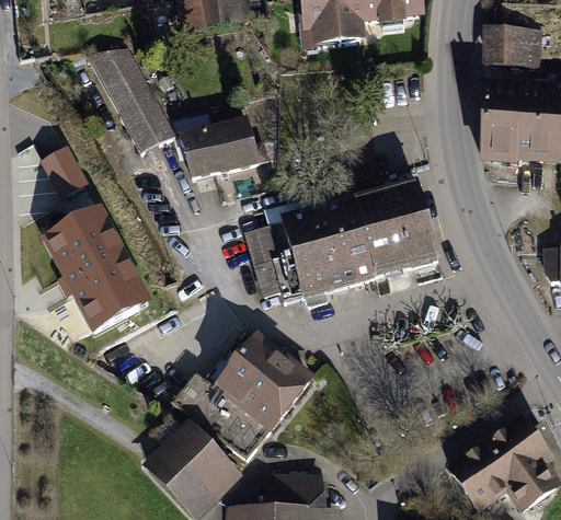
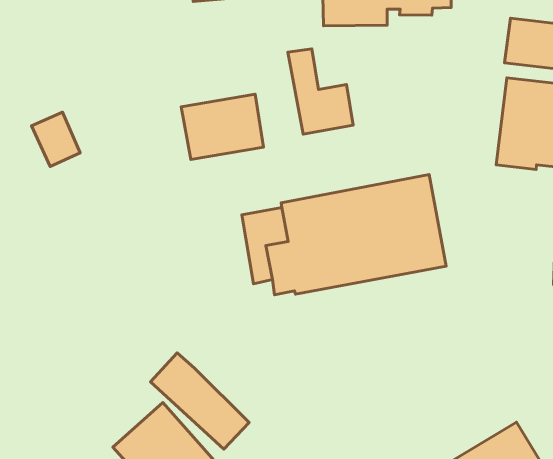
building: [89,44,178,151] -> none
building: none -> [288,49,353,134]
building: [43,209,153,337] -> none
building: [213,325,312,427] -> none

